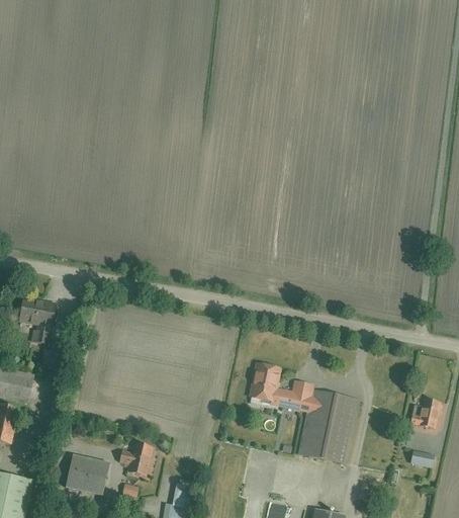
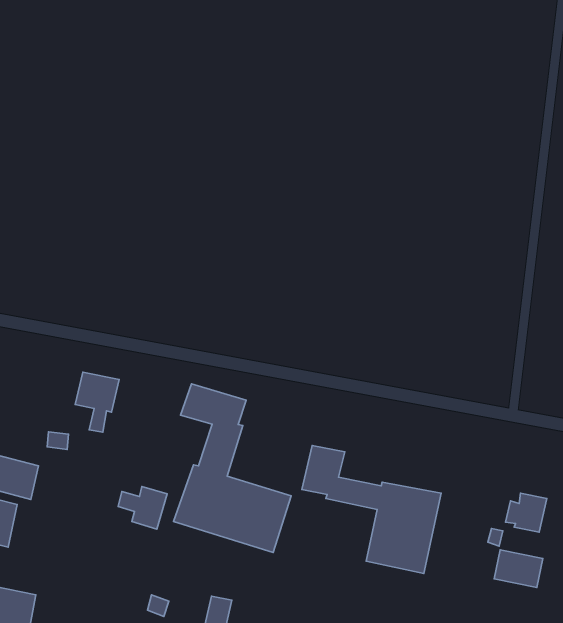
building: [20,294,56,343] -> [75,372,119,432]
building: none -> [174,384,291,552]
building: [115,444,155,479] -> [118,486,167,529]
building: [70,455,109,495] -> none

